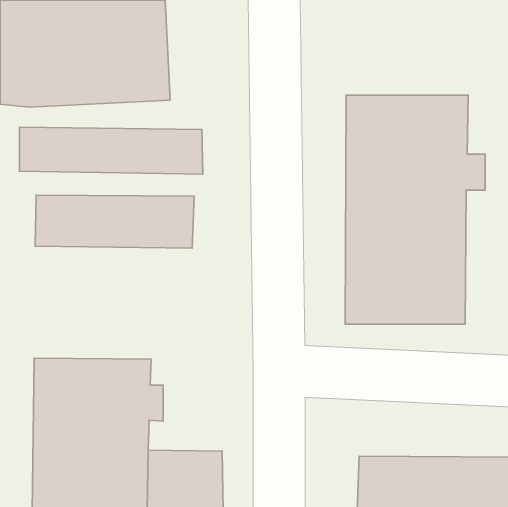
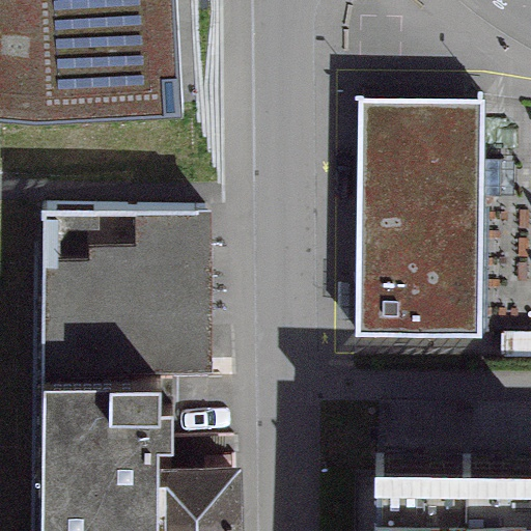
building: [20,127,203,174] -> none
building: none -> [38,259,205,363]

